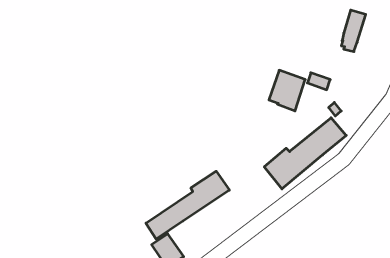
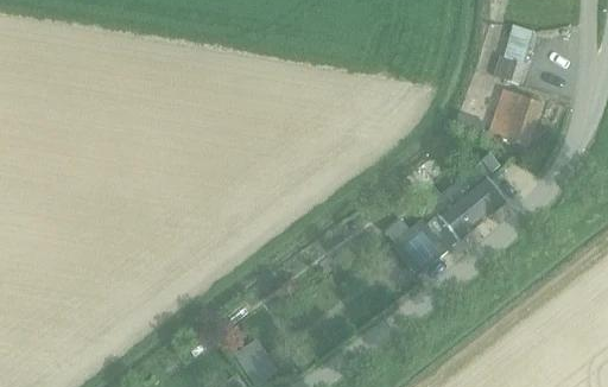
building: [269,70,305,111] -> [488,89,539,146]
building: [146,171,229,239] -> none

